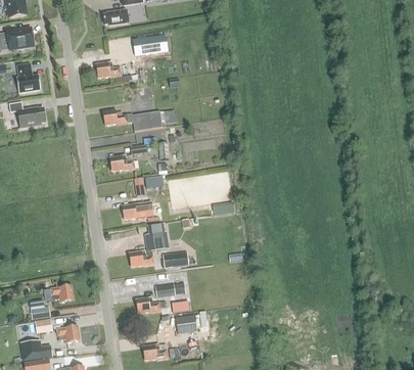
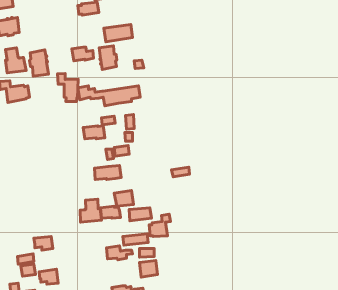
building: none -> [99,46,117,69]
building: none -> [30,50,48,76]
building: none -> [58,73,78,101]
building: none -> [80,199,101,222]
building: none -> [149,214,170,237]

